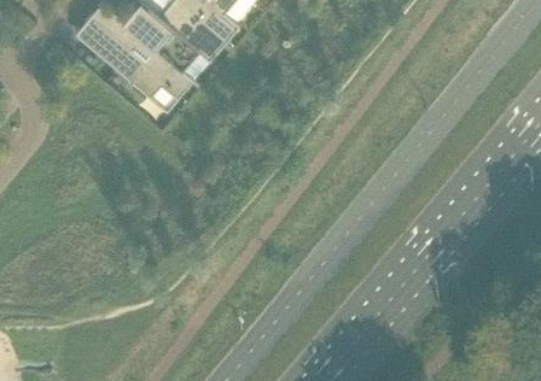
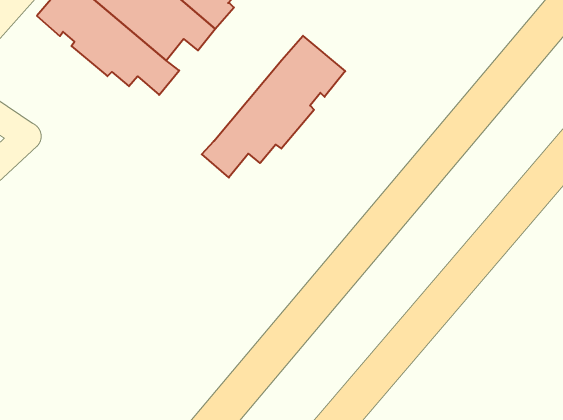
building: none -> [202,36,345,178]

